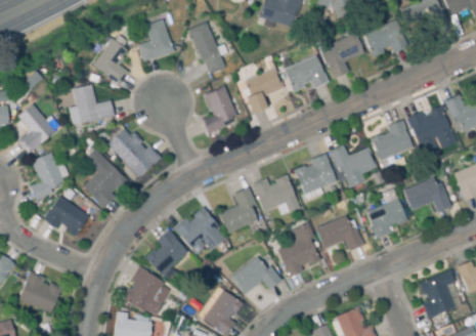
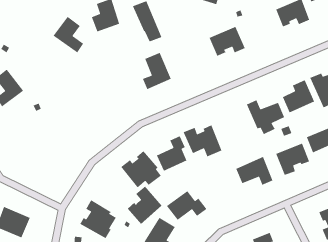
building: [318,33,364,78] -> none
building: [244,68,284,114] -> none
building: [71,85,116,124] -> none
building: [107,128,160,177] -> none
building: [83,148,129,207] -> none
building: [294,154,336,195] -> none
building: [32,155,69,202] -> none
building: [43,195,90,237] -> none
building: [276,222,319,277] -> none
building: [144,228,188,277] -> [127,186,163,225]

